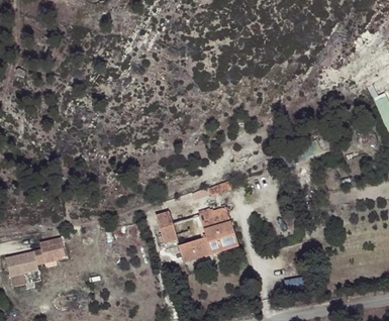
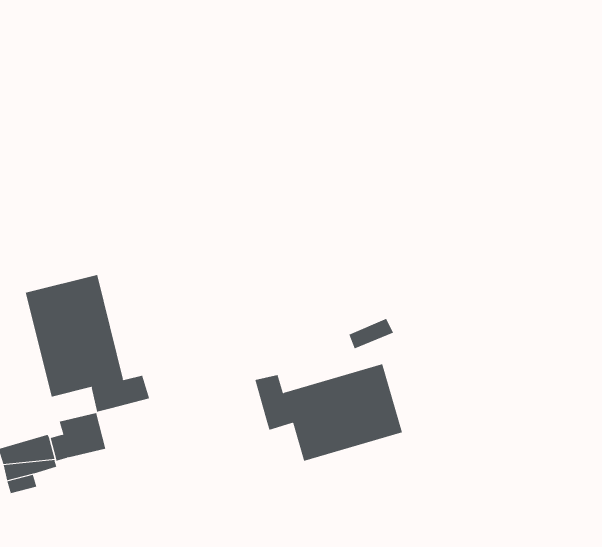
building: none -> [25,274,150,412]

